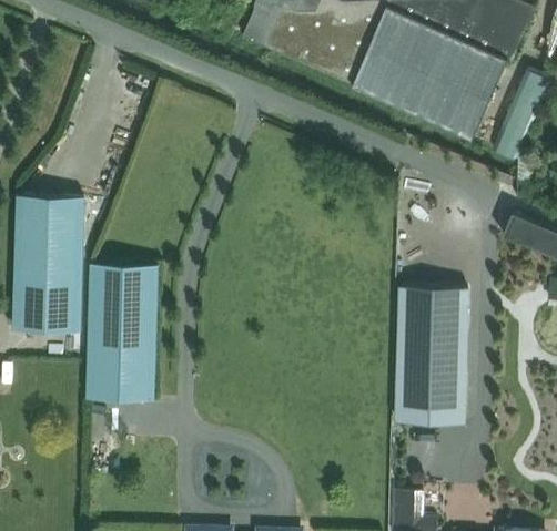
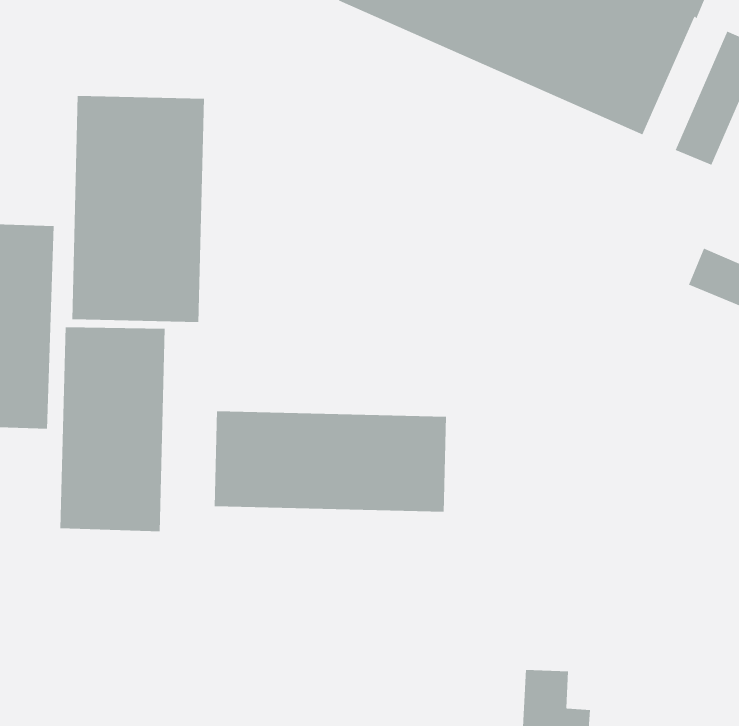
building: none -> [72,95,204,323]
building: [396,287,466,422] -> none
building: none -> [214,410,446,513]

